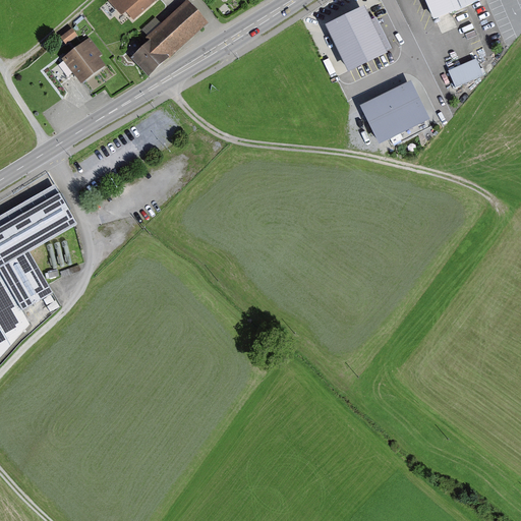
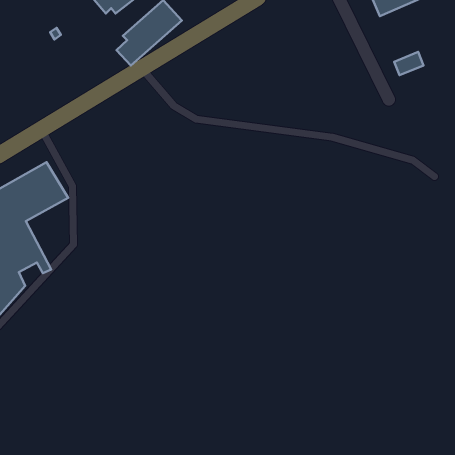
building: [327,7,382,67] -> none
building: [60,36,104,82] -> none
building: [359,80,425,140] -> none

